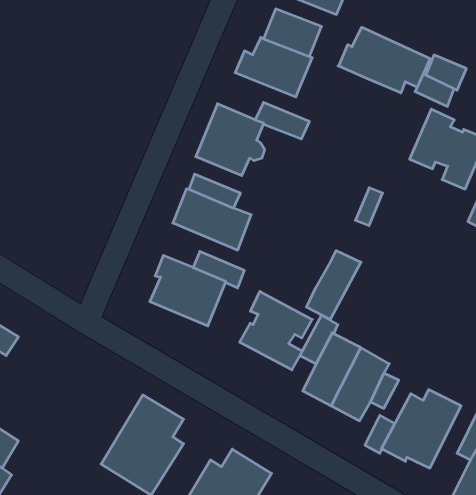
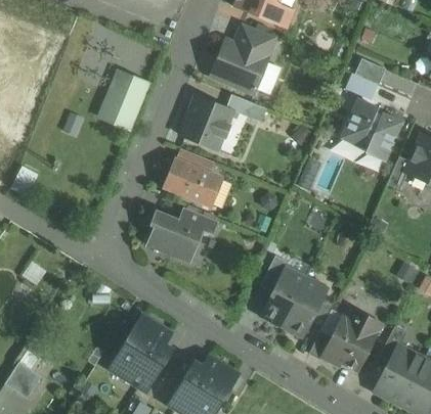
building: [338,27,430,93] -> none
building: none -> [98,72,147,130]
building: [306,251,361,320] -> none
building: [240,291,312,370] -> none

